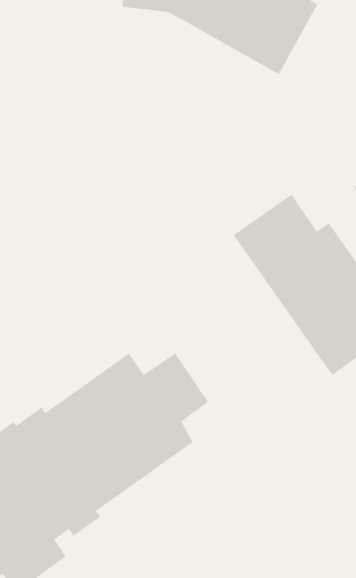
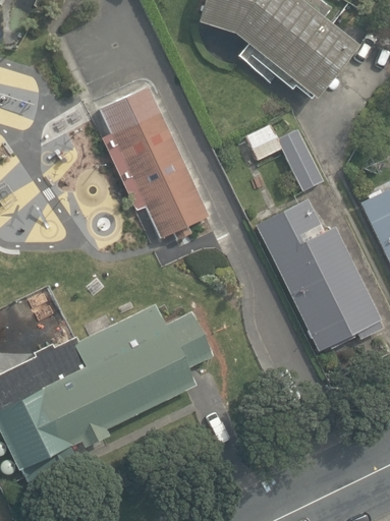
building: none -> [100,86,210,239]
building: none -> [246,124,325,192]

